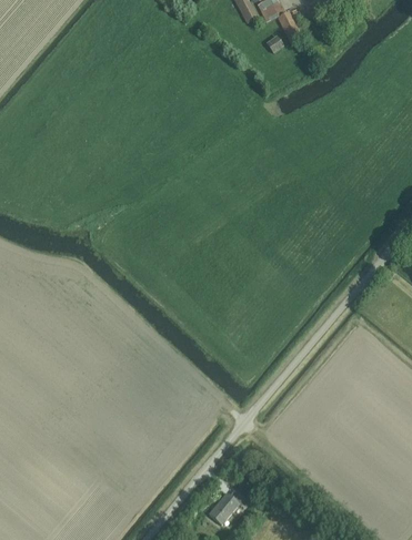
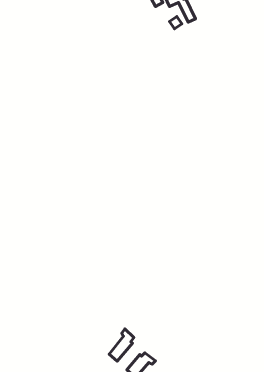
building: none -> [109,329,134,361]

